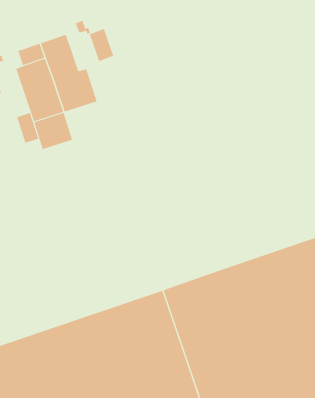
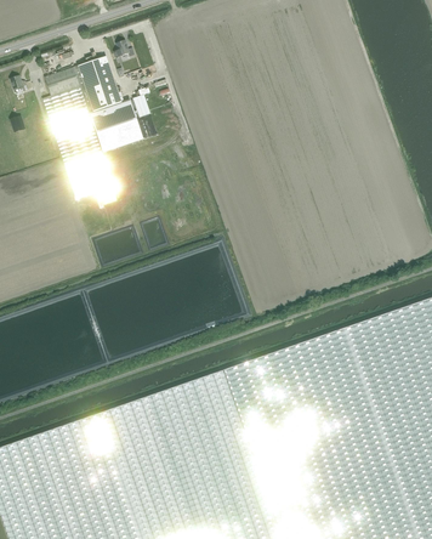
building: [89,28,114,62] -> none
building: [17,112,39,144] -> none

